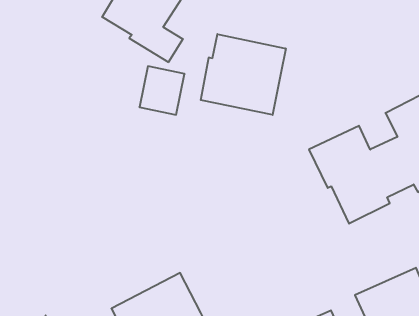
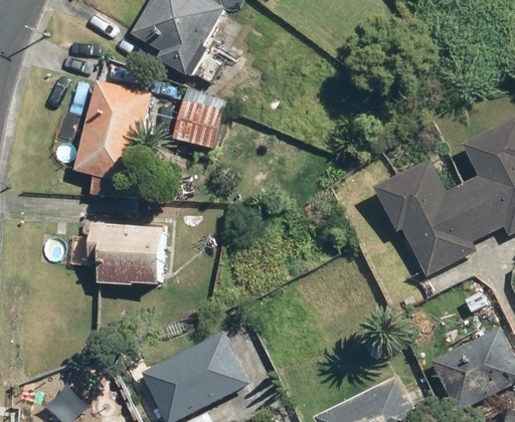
building: [201,34,286,115] -> none
building: none -> [72,77,152,200]
building: none -> [66,222,165,284]

